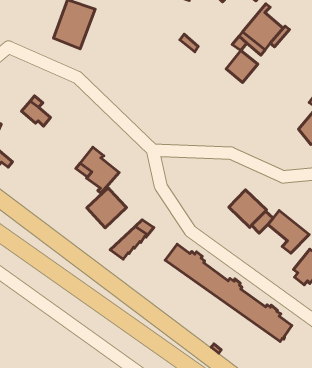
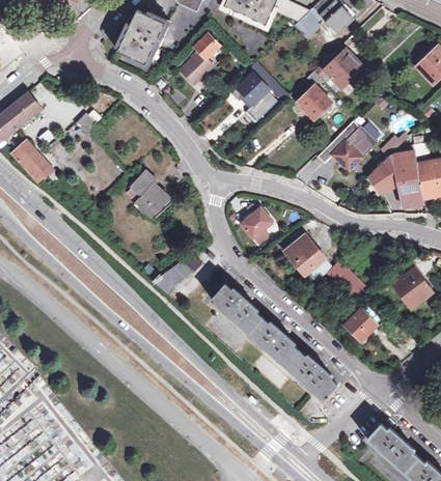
building: none -> [182,34,220,85]
building: none -> [230,74,276,123]
building: none -> [316,121,377,171]
building: none -> [240,204,272,245]
building: [87,188,127,228] -> none

